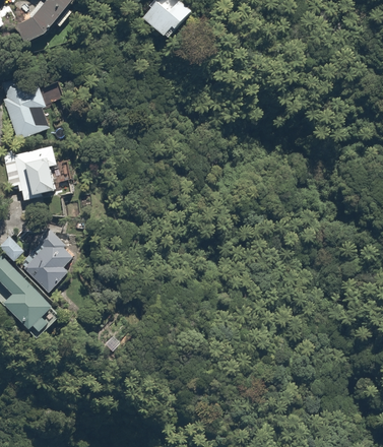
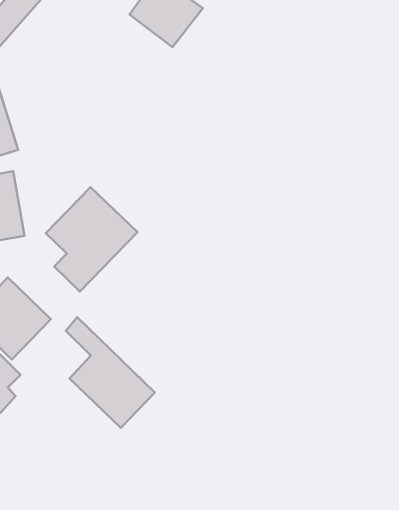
building: none -> [46,187,137,291]
building: none -> [66,317,155,428]

